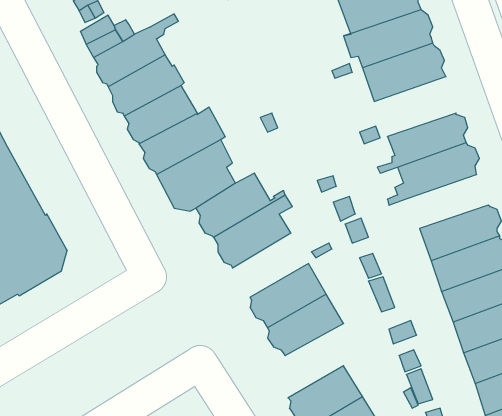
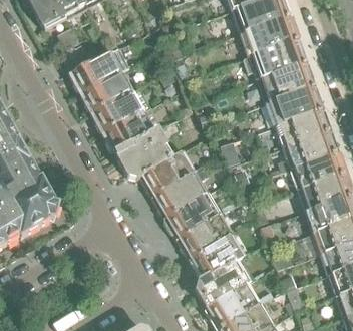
building: none -> [264,84,321,125]
building: none -> [288,151,343,189]
building: none -> [166,192,219,236]
building: none -> [196,260,245,305]

